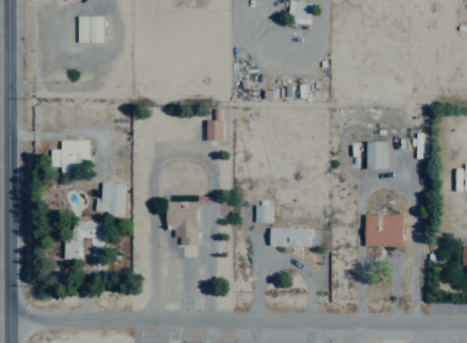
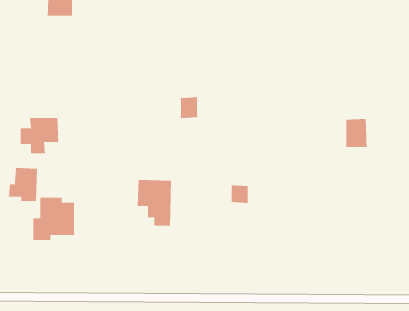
building: [96,182,125,215] -> [8,167,38,201]
building: [365,214,403,247] -> none
building: [271,227,312,247] -> none

